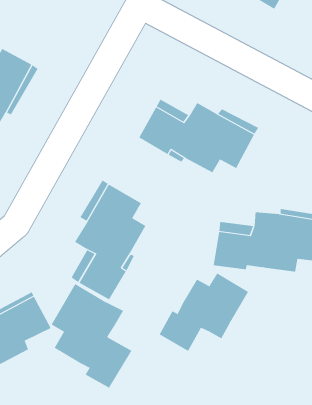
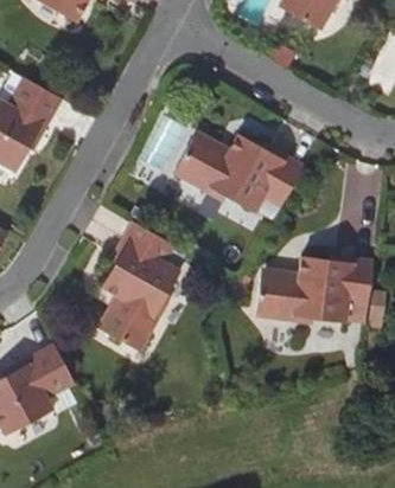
building: [159,273,249,352] -> none
building: [51,283,132,389] -> none

